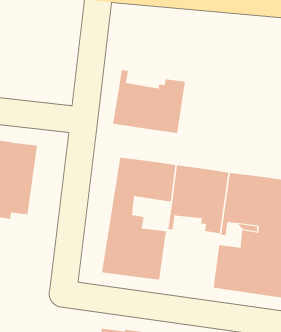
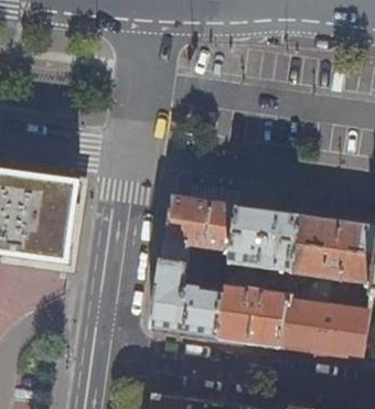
building: [113,69,186,134] -> none
building: none -> [218,284,287,347]

